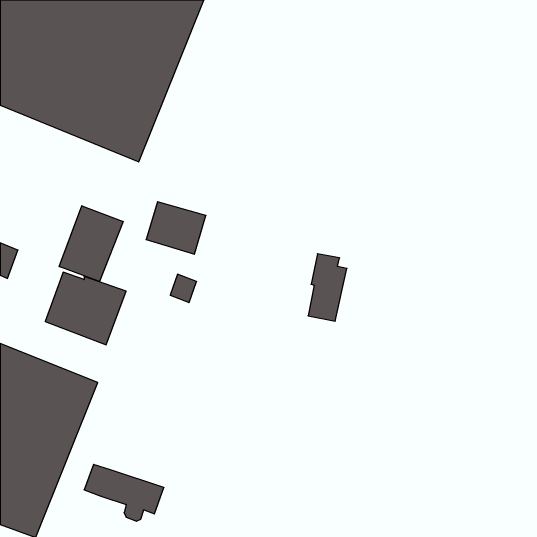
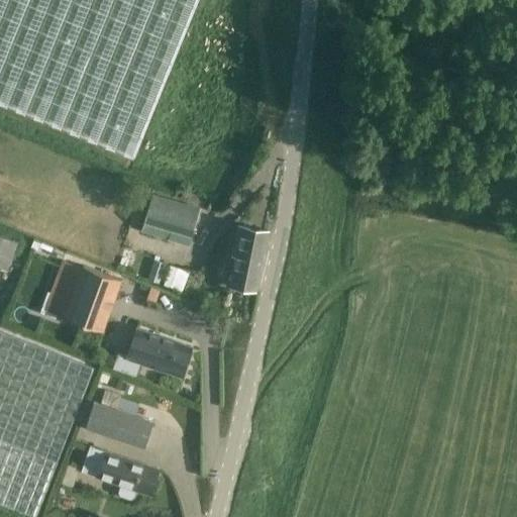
building: [59,206,123,282] -> none
building: [308,254,347,321] -> [229,225,267,290]
building: none -> [112,329,191,376]
building: none -> [85,400,153,446]

